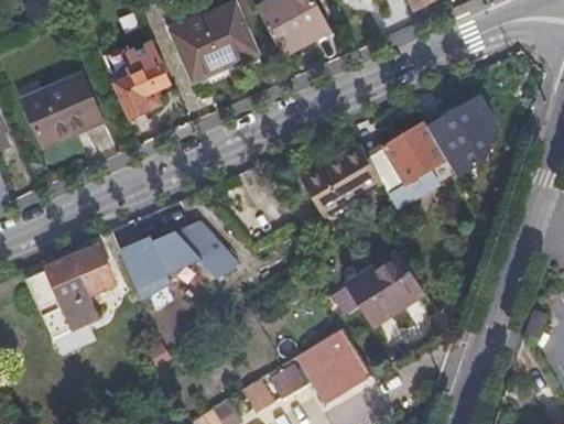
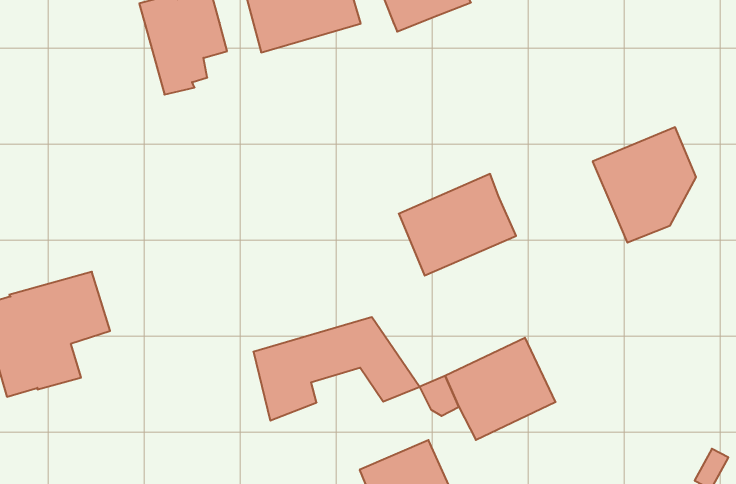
building: [22,74,104,148] -> none
building: [367,122,447,207] -> none
building: [122,221,238,301] -> [253,317,419,421]

